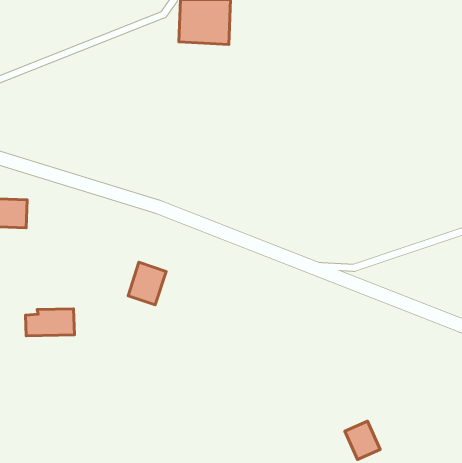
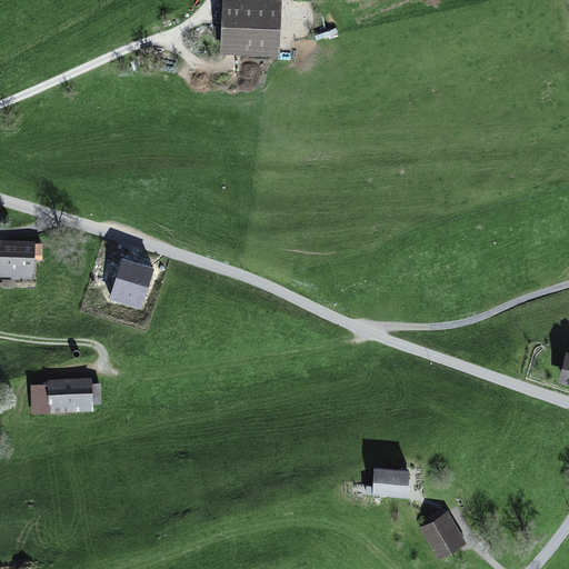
building: [128,262,166,305] -> [108,257,154,309]
building: none -> [376,468,413,496]

